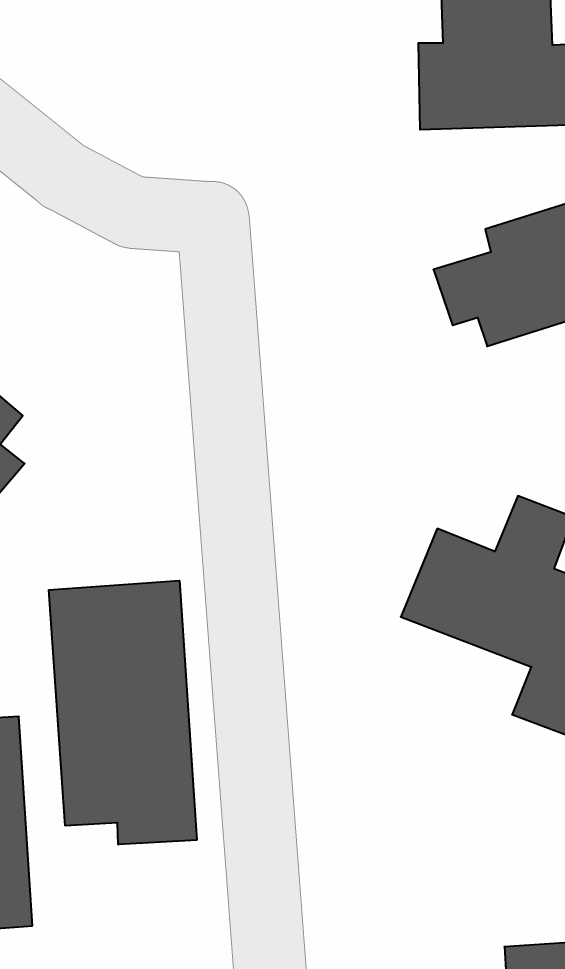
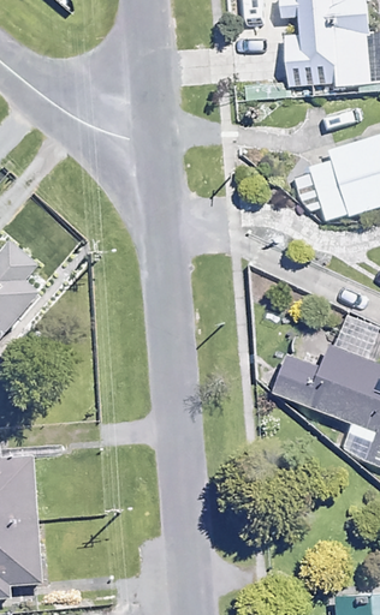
building: [49,581,197,845] -> none

